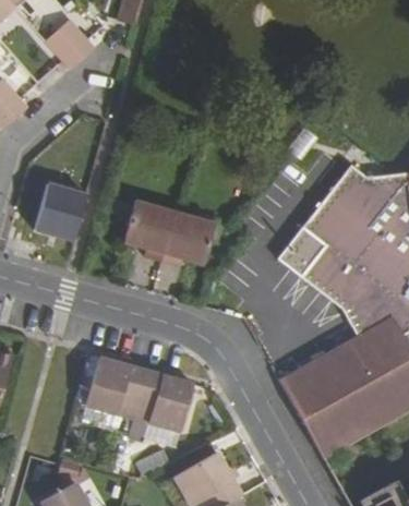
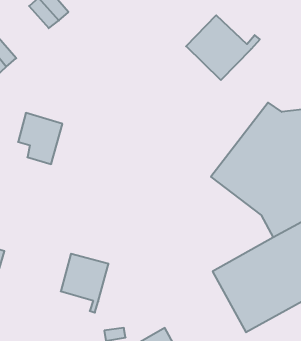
building: none -> [186,15,260,80]
building: [123,200,215,266] -> none
building: [133,371,194,432] -> none

